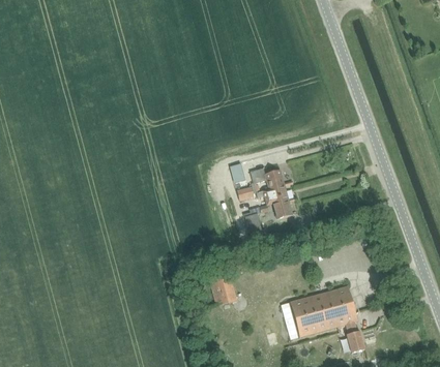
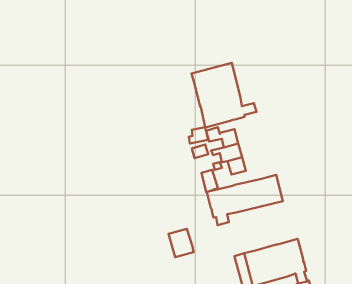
building: none -> [192,63,256,127]
building: none -> [207,175,283,225]

